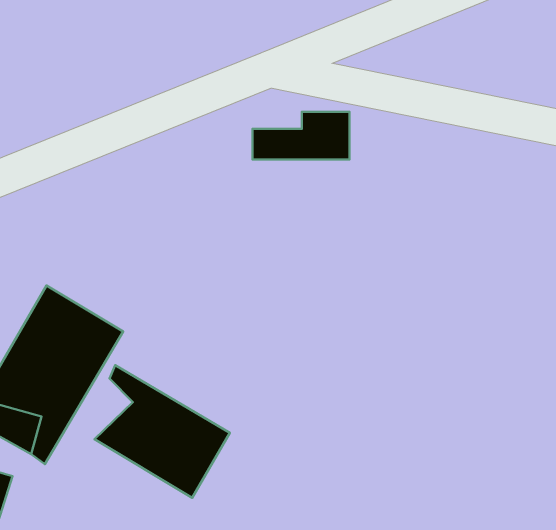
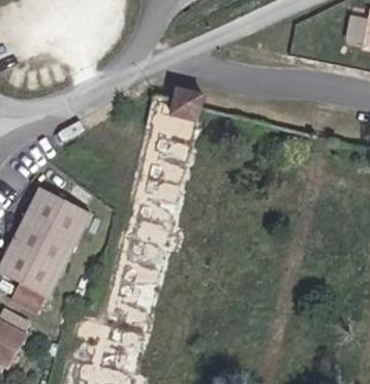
building: [95,365,230,498] -> none

